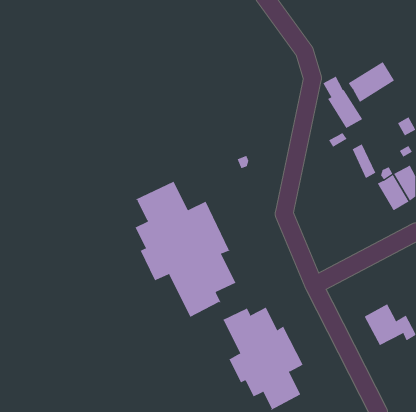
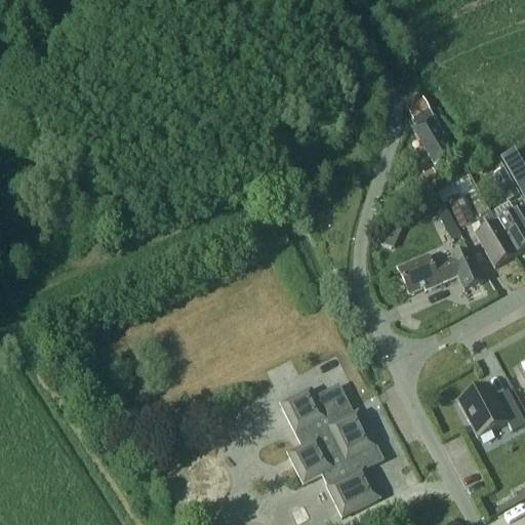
building: [348,61,395,103] -> none
building: [135,180,236,318] -> none
building: none -> [397,247,483,293]

